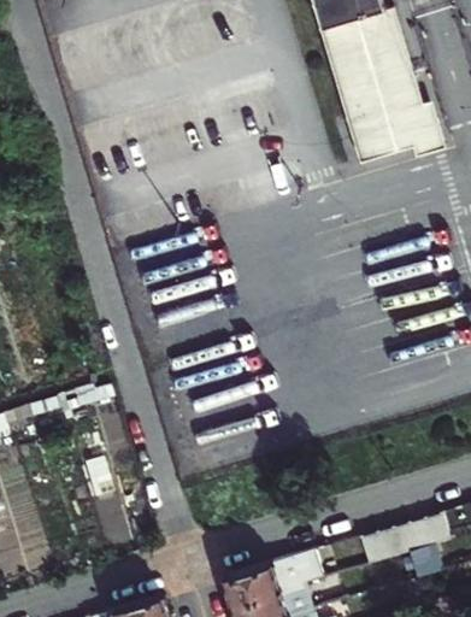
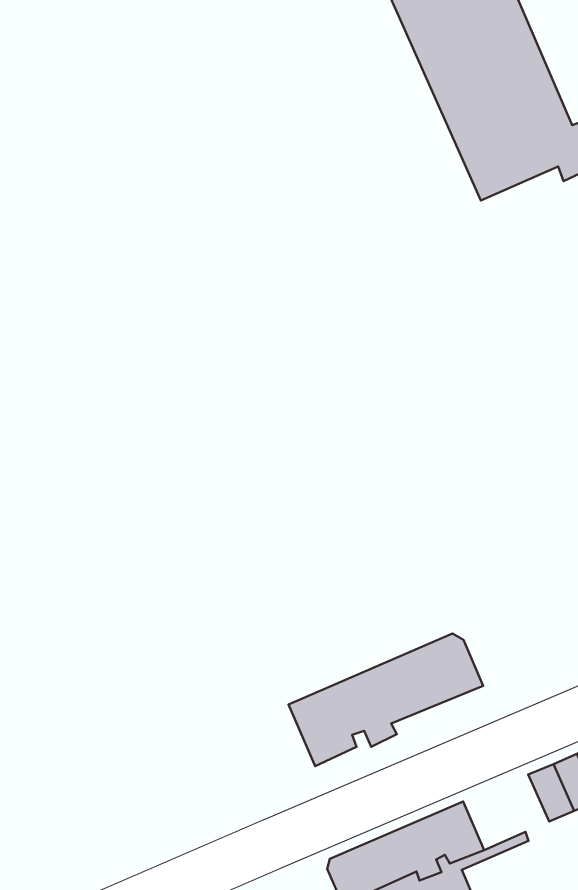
building: none -> [288,634,483,766]

